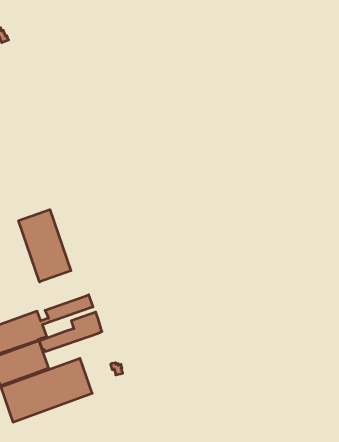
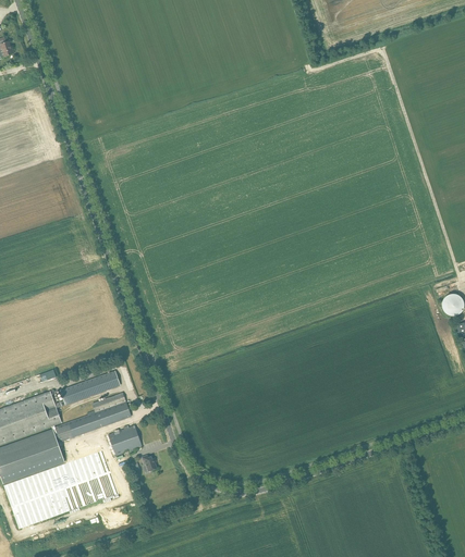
building: [19,210,71,282] -> none
building: none -> [101,424,142,457]

